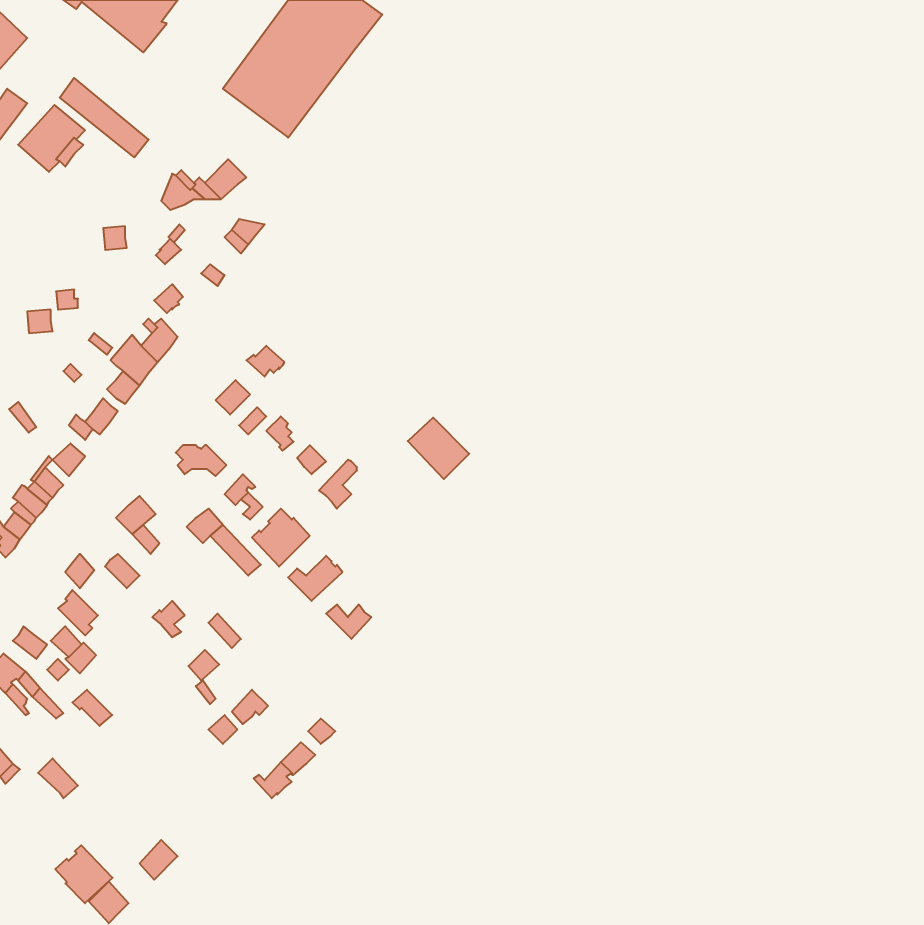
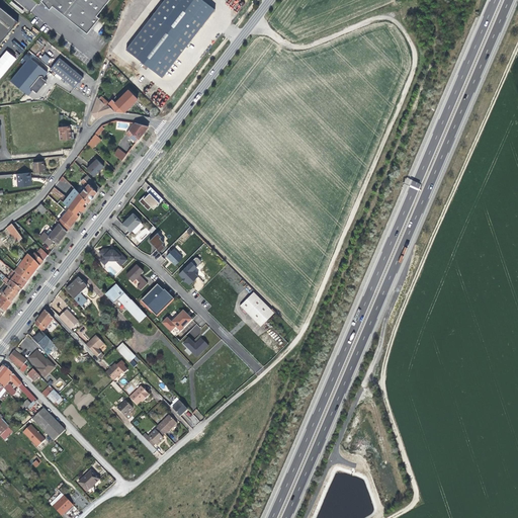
building: [408,418,469,479] -> [239,291,273,326]
building: none -> [31,408,65,440]
building: [55,845,113,903] -> none

